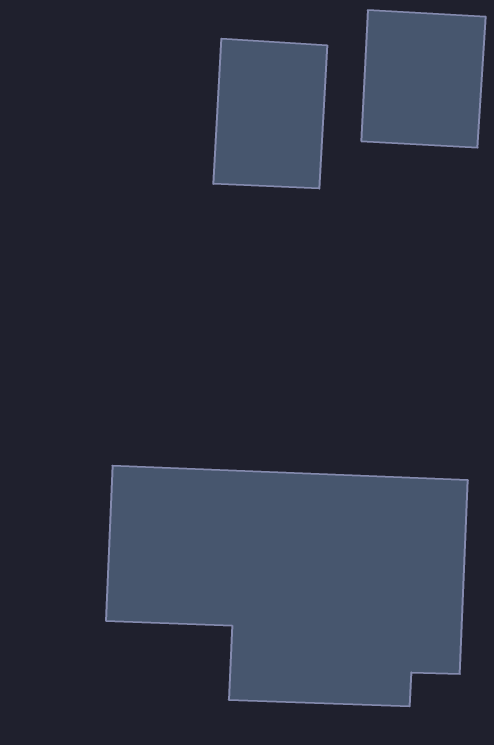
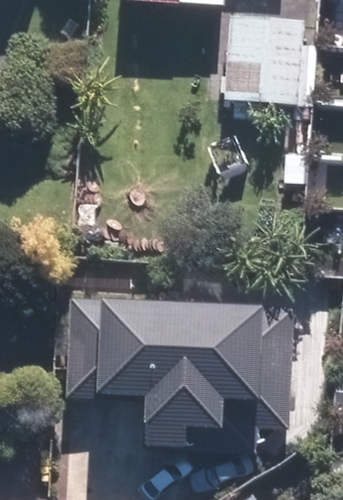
building: [213,39,327,189] -> none

